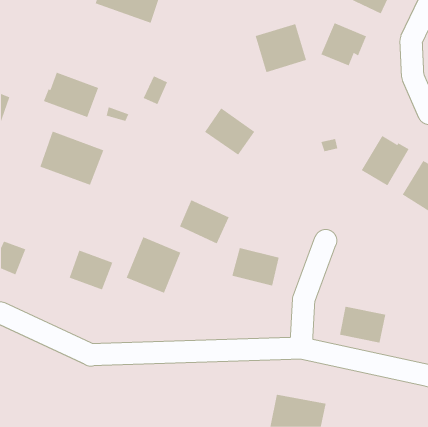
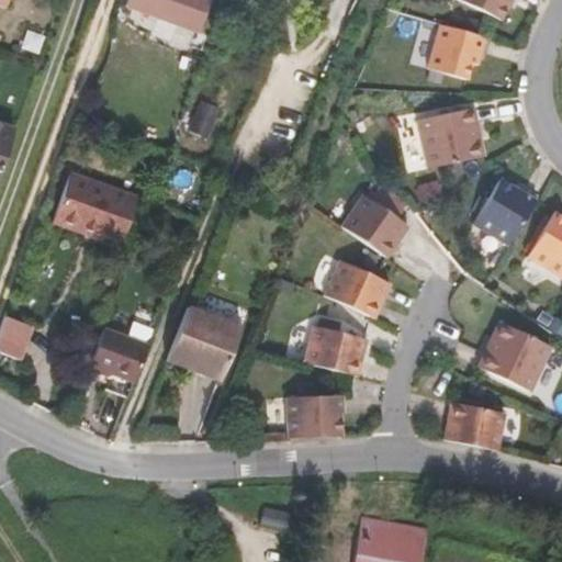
building: [255,23,307,73] -> [419,104,487,169]
building: [43,72,99,118] -> none
building: [204,108,255,155] -> [342,193,409,256]
building: [179,200,230,244] -> [325,259,391,317]
building: none -> [479,321,552,390]
building: none -> [288,393,344,437]

